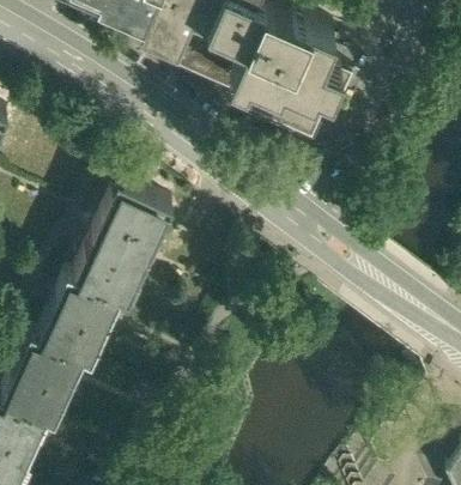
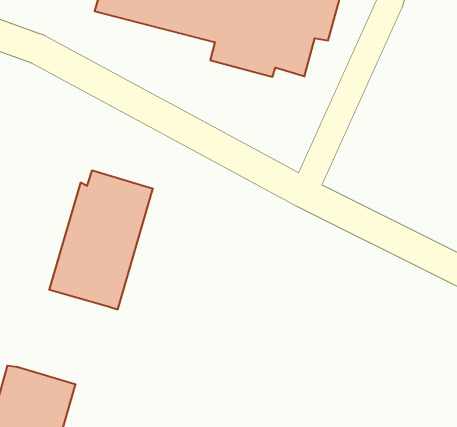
building: [40,275,122,364] -> none

